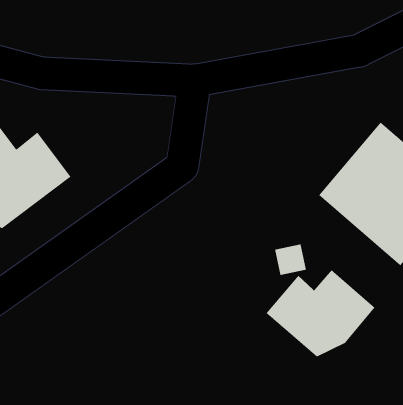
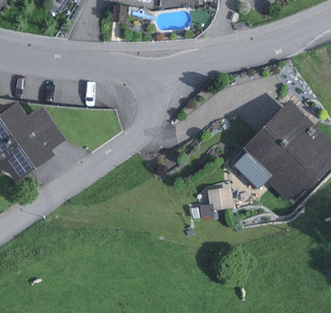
building: [265,269,376,358] -> none

